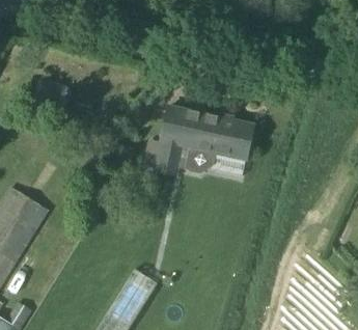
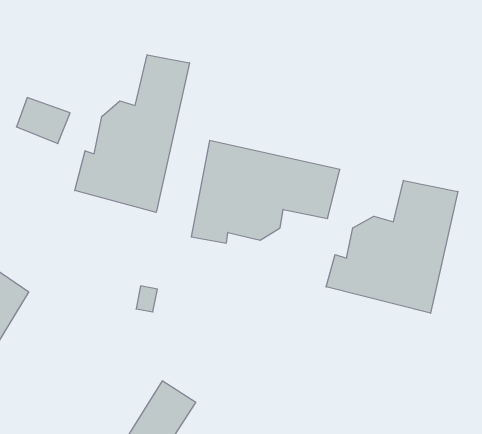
building: none -> [75,55,190,212]
building: none -> [326,180,458,313]

